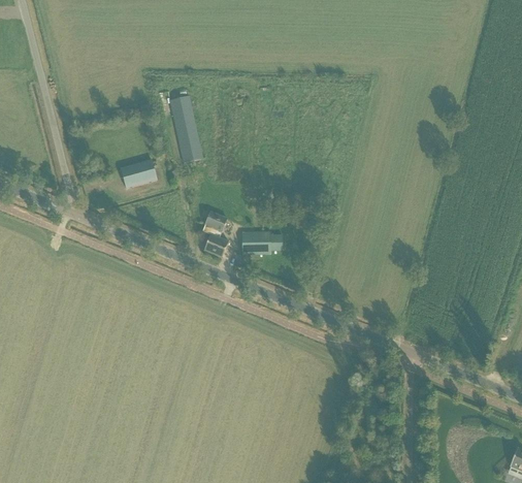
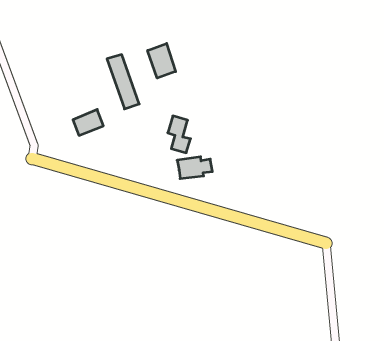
building: none -> [148,43,176,78]
building: [202,211,229,257] -> [168,116,191,153]

